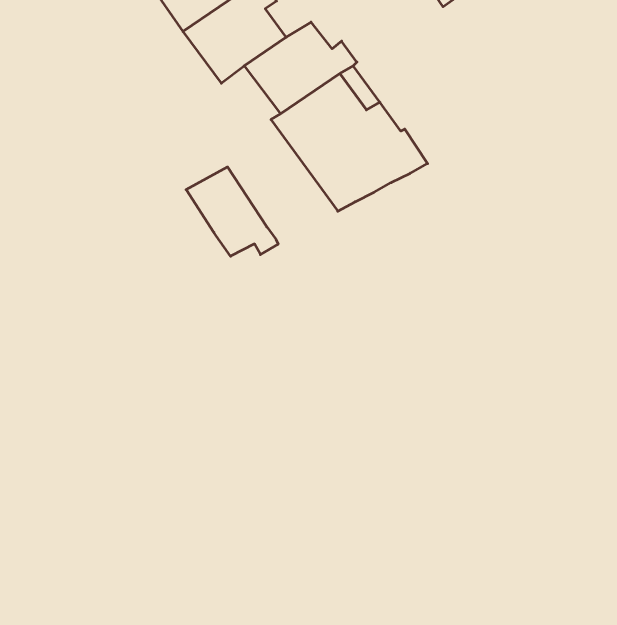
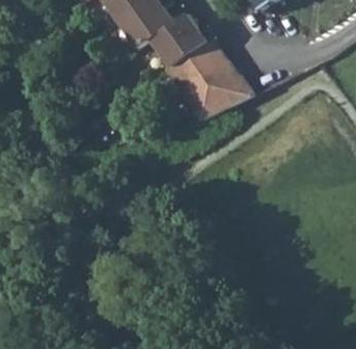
building: [186,167,278,256] -> none

